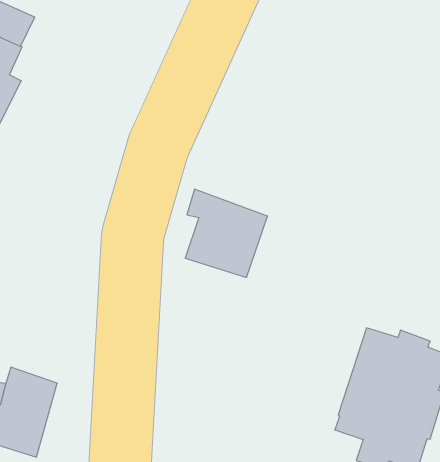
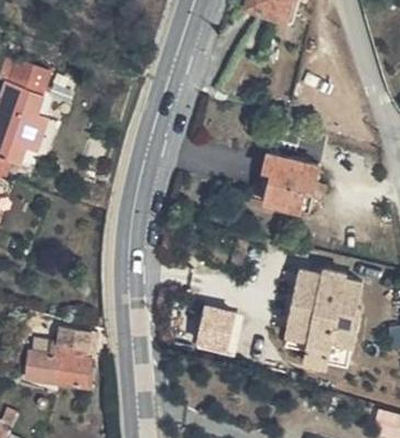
building: [185,189,268,277] -> [257,153,314,211]
building: none -> [203,297,240,341]

